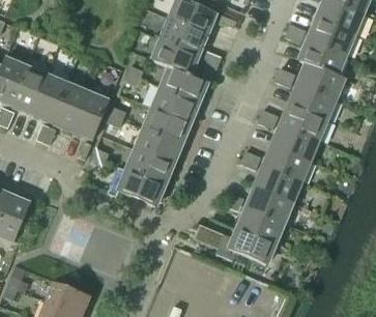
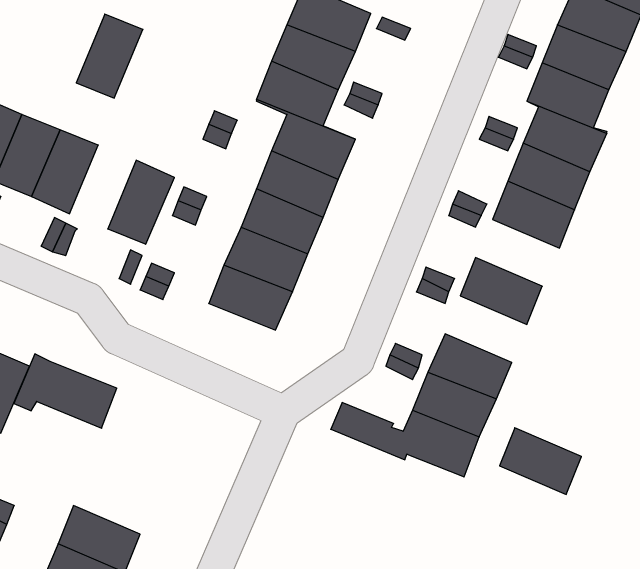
building: [52,84,88,129] -> [76,14,143,98]
building: [272,124,318,161] -> none
building: [108,166,164,206] -> [14,354,117,428]
building: [256,166,300,202] -> [500,428,581,494]

